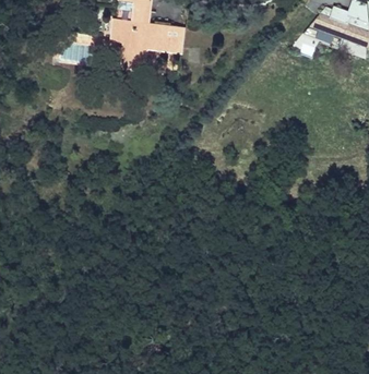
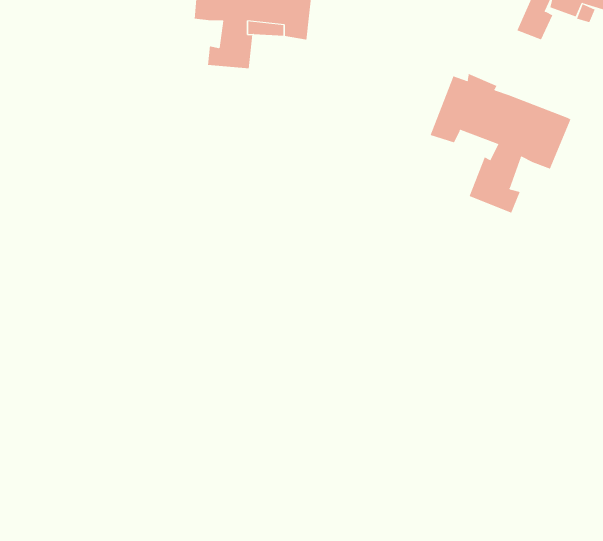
building: none -> [430,73,571,214]

